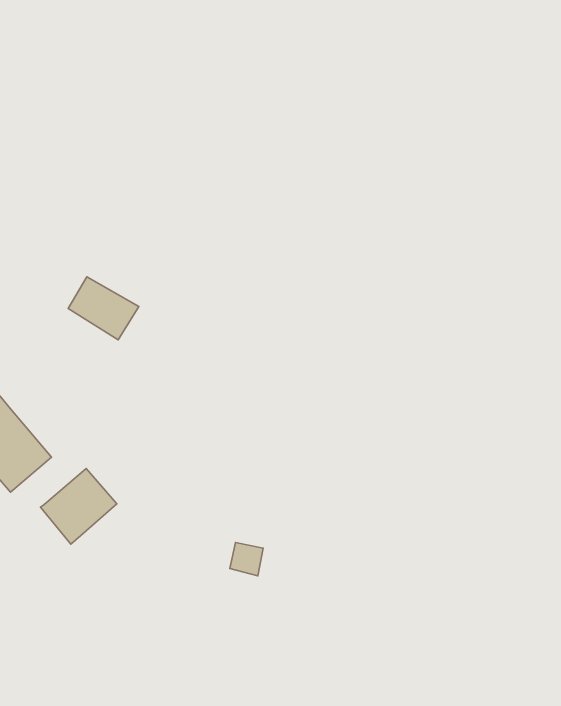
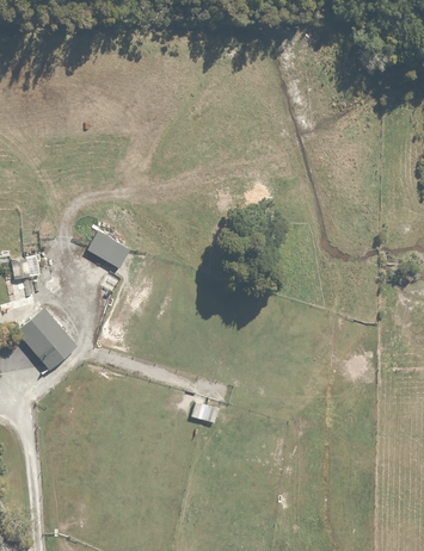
building: [41,468,117,544] -> none

